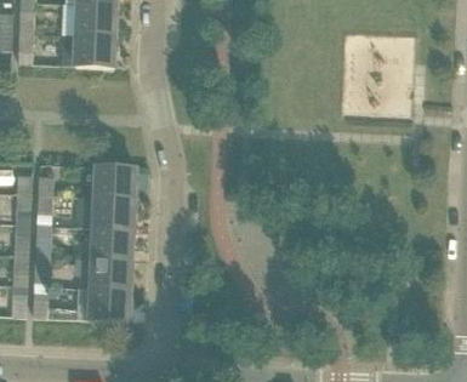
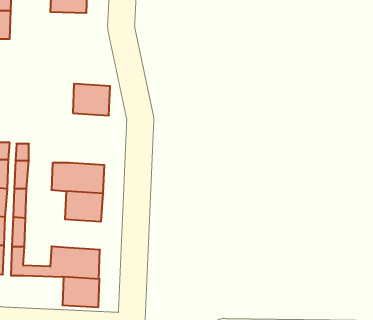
building: [74,35,114,68] -> none
building: [95,166,135,200] -> [73,84,110,115]
building: [90,258,130,291] -> [62,277,100,307]

